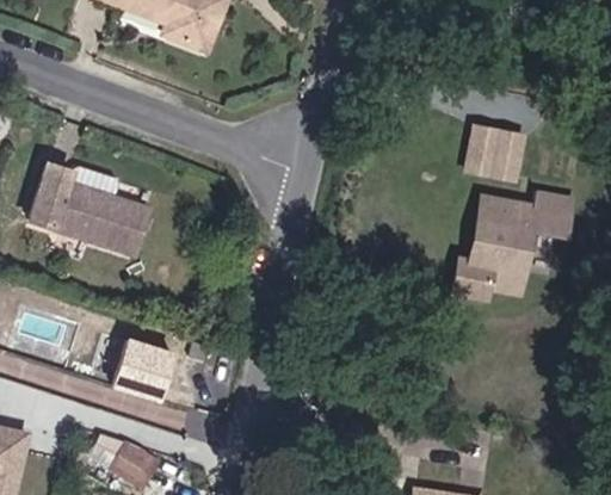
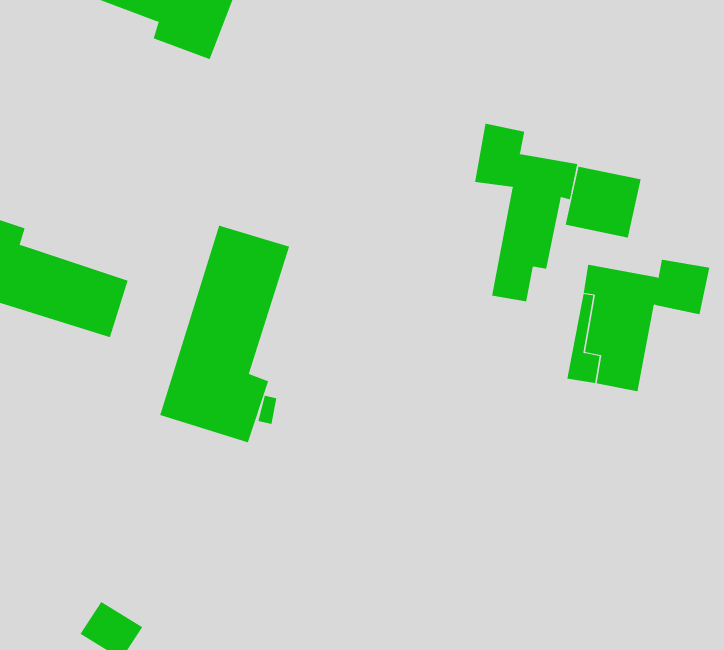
building: none -> [474,123,578,302]
building: none -> [160,225,290,443]
building: [113,339,173,398] -> none

